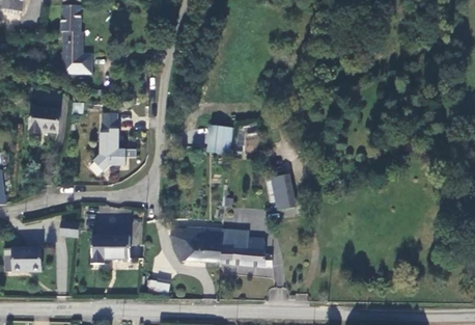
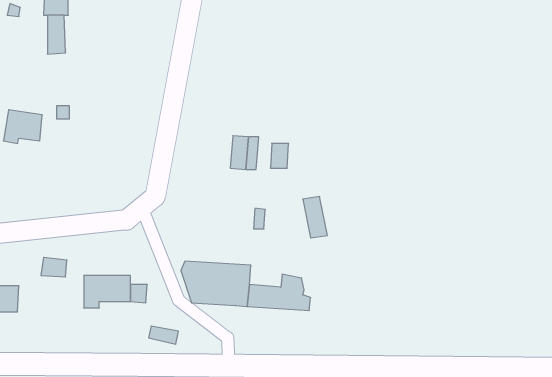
building: [63,30,90,70] -> none
building: [90,112,123,170] -> none
building: [225,231,251,248] -> none

